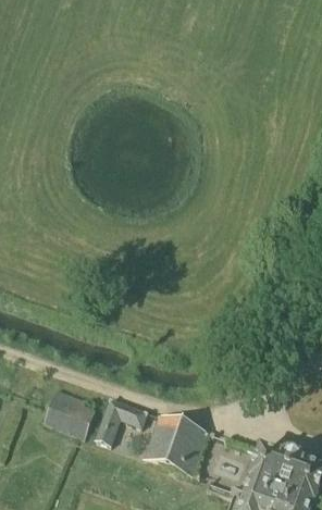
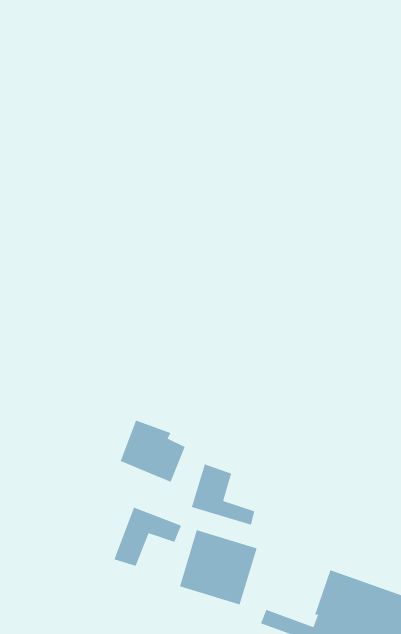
building: none -> [191,464,255,526]
building: [47,389,97,437] -> [120,420,185,483]

